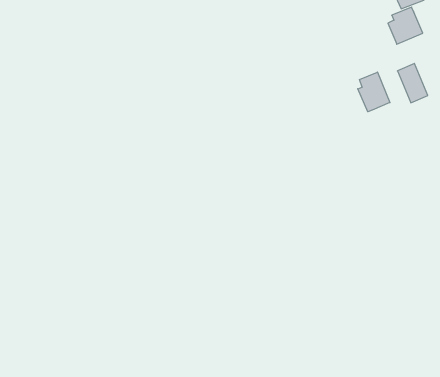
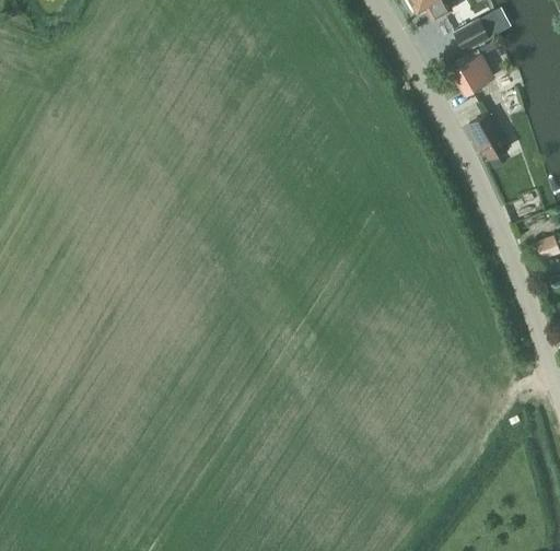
building: [358,72,390,112] -> none

